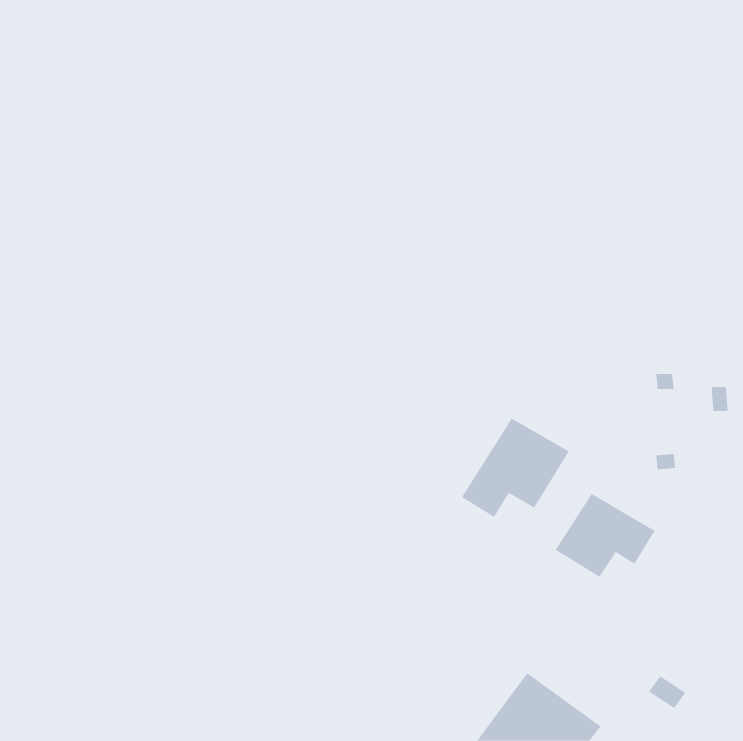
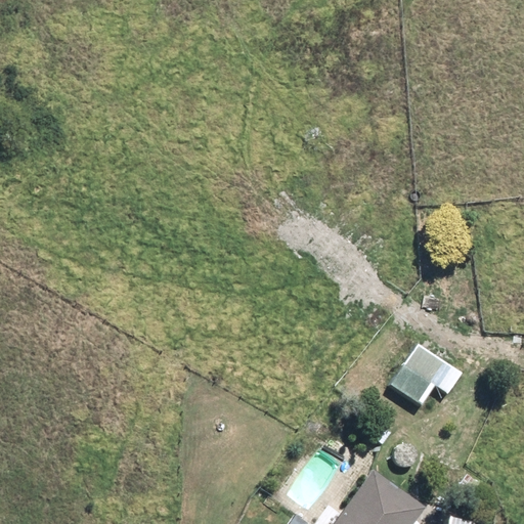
building: [461,418,569,518] -> none

